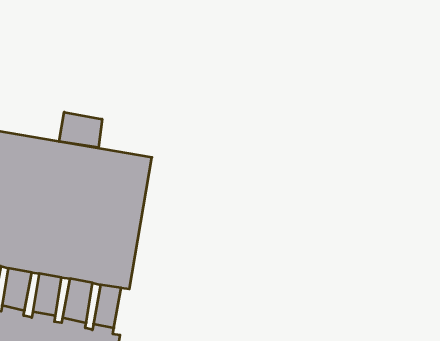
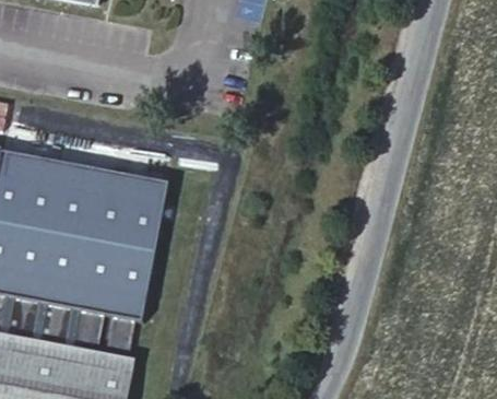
building: [59,112,102,148] -> none

